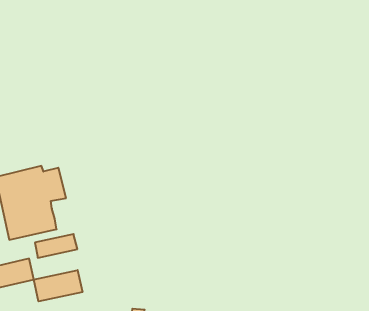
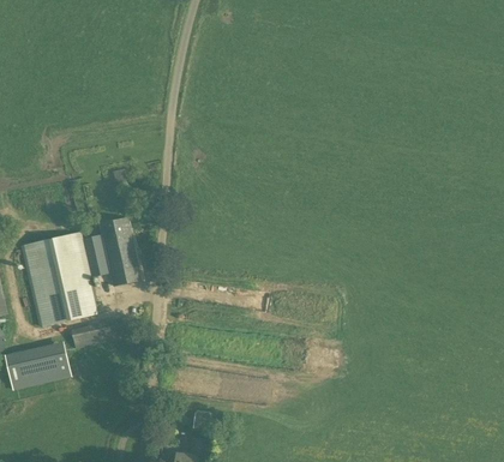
building: none -> [98,217,142,286]
building: [34,270,82,301] -> none

